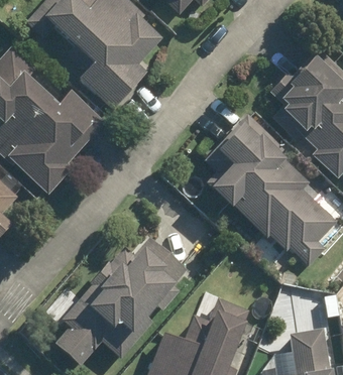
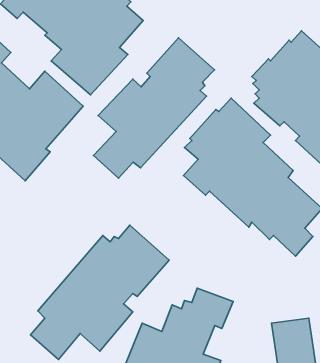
building: none -> [93,38,214,178]

